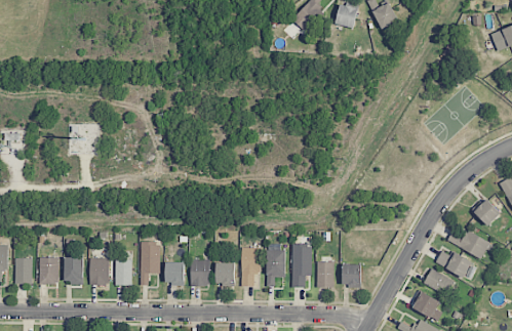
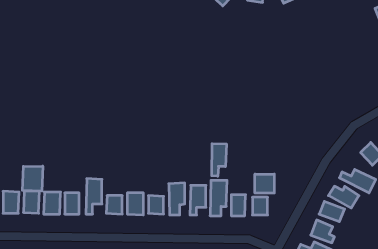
building: none -> [212,144,226,176]
building: none -> [22,166,43,191]
building: none -> [255,174,274,193]

